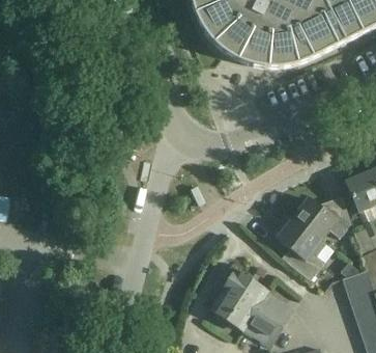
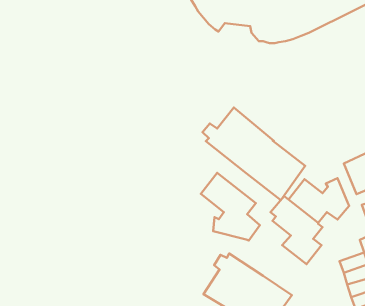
building: none -> [202,107,305,200]
building: none -> [201,173,260,240]

